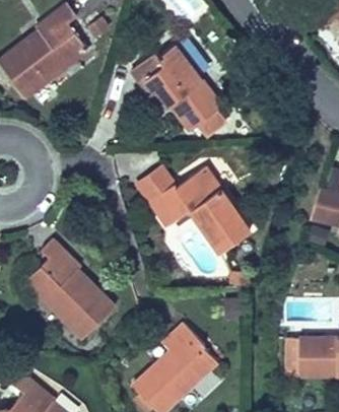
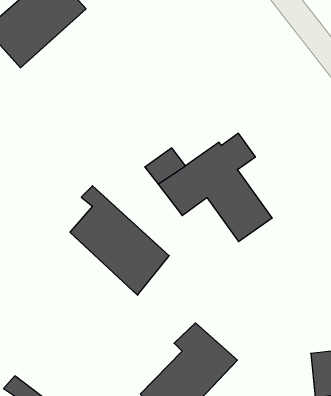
building: [131,38,223,127] -> none
building: [21,232,111,331] -> [70,186,169,295]

